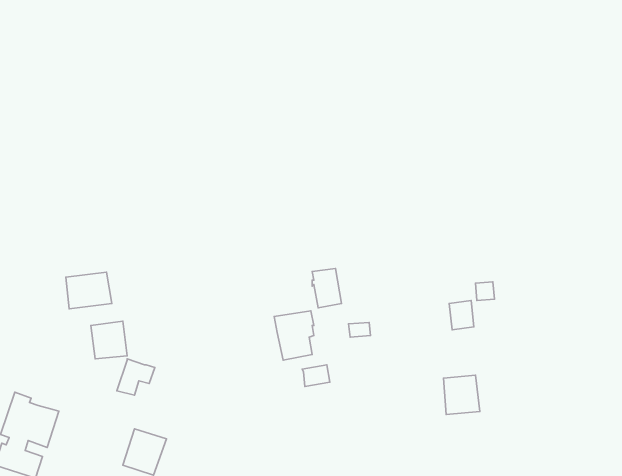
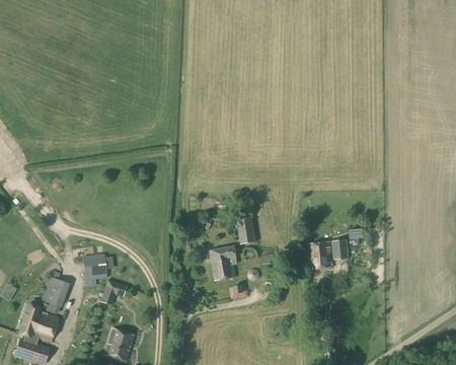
building: [66,272,112,309] -> none
building: none -> [41,277,69,307]
building: [443,375,480,415] -> [308,241,333,269]

